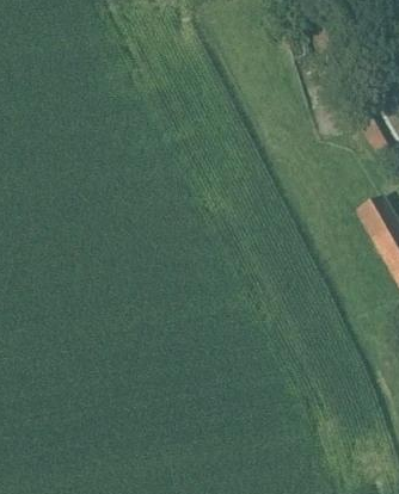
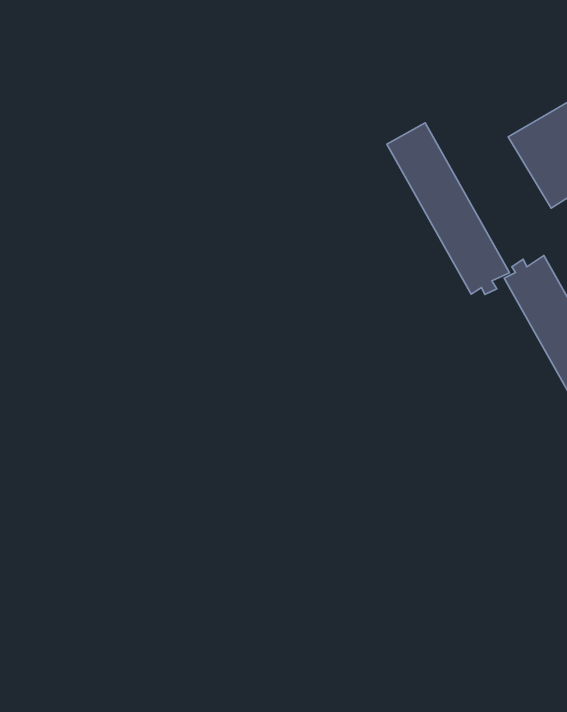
building: none -> [387,123,510,294]

